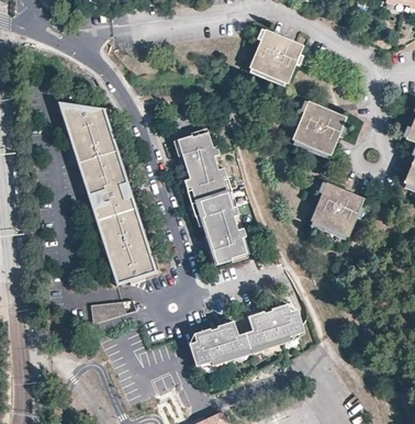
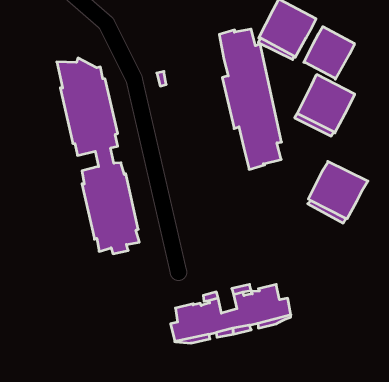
building: none -> [304,27,354,79]
building: [178,131,247,264] -> [219,29,282,169]
building: [90,301,136,325] -> none

